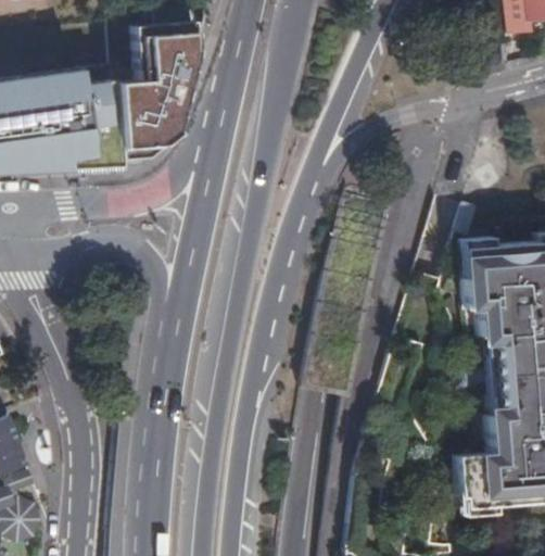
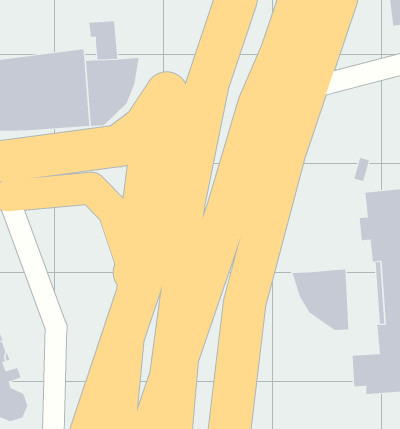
building: [152,28,187,79] -> none
building: none -> [292,269,349,331]

